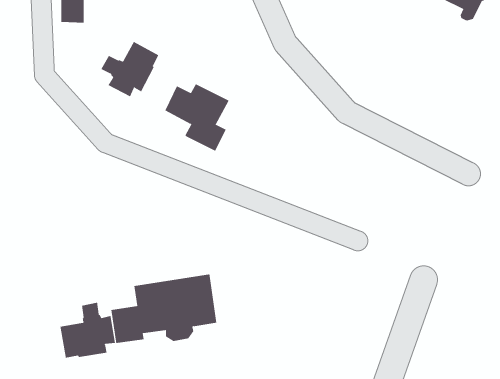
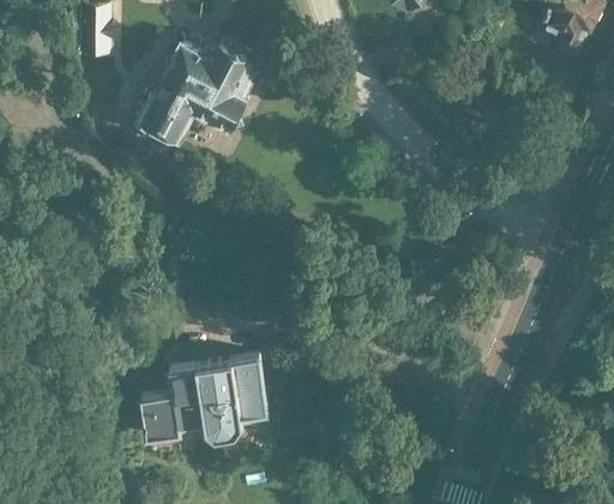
building: [165,83,229,151] -> [169,44,247,126]
building: [60,302,115,359] -> none

